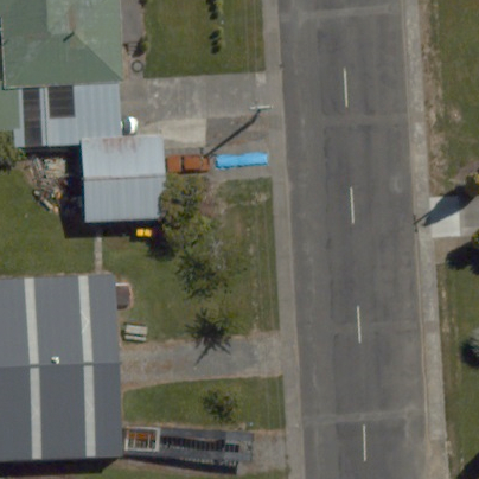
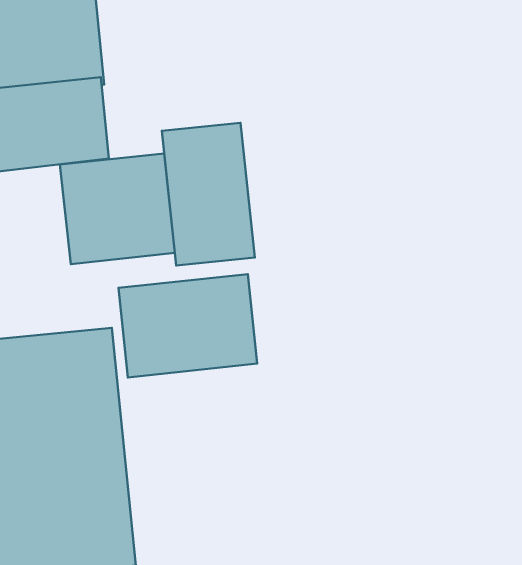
building: none -> [162,123,255,266]
building: none -> [118,274,257,377]

